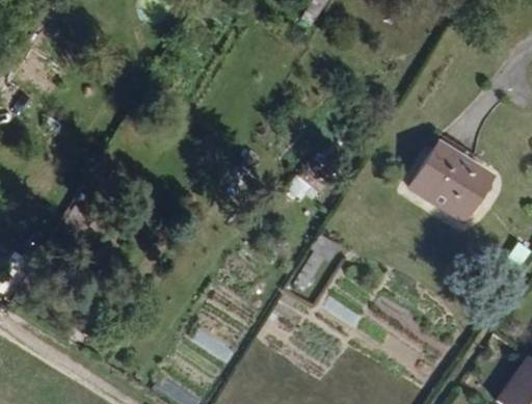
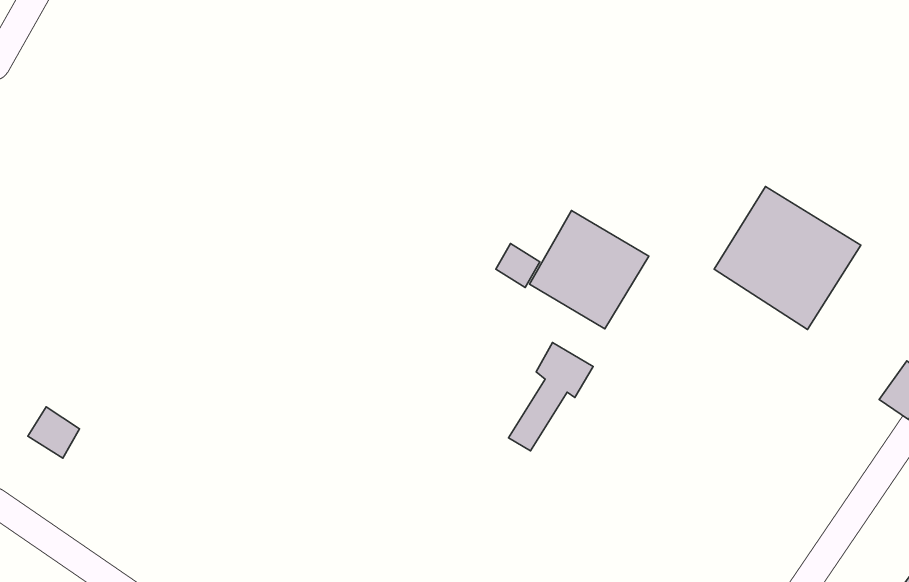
building: none -> [530,211,649,329]

